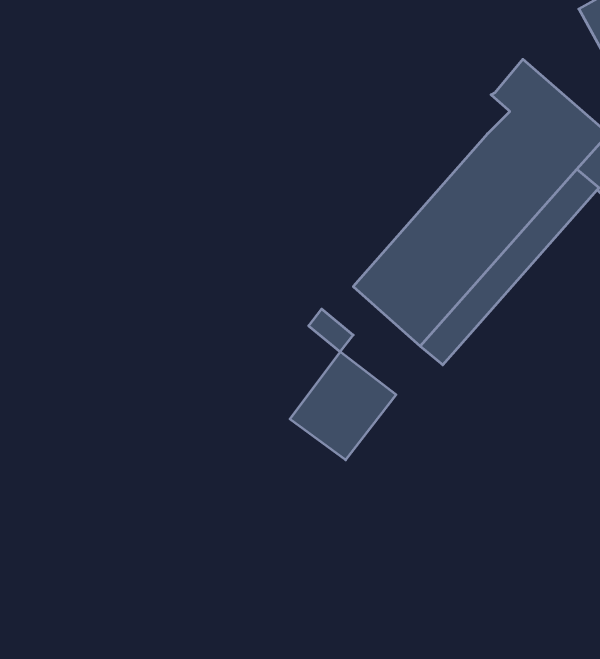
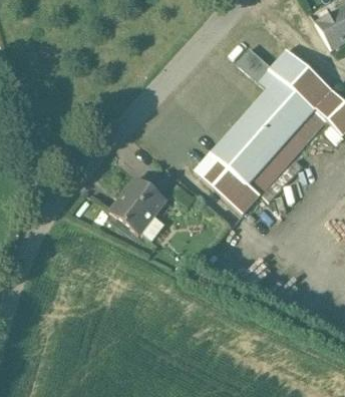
building: none -> [237,47,278,88]
building: [290,352,396,460] -> [109,176,166,235]

